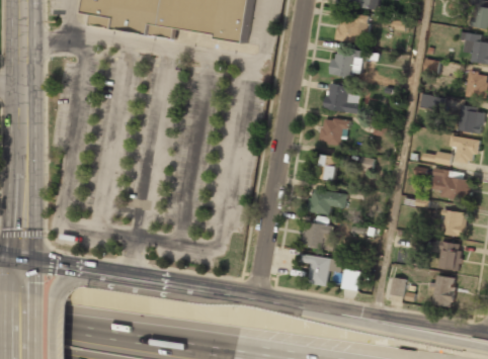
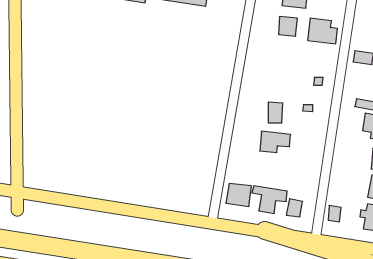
building: [324,83,359,113] -> [308,18,337,44]
building: [319,118,347,145] -> none
building: [303,222,333,250] -> [226,183,251,206]

